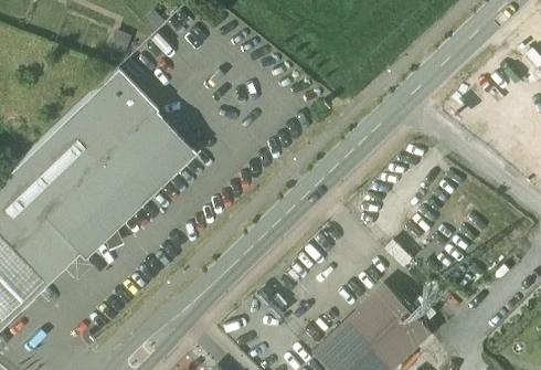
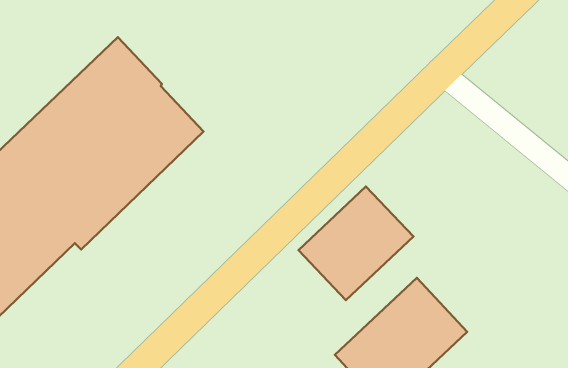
building: none -> [298,186,413,300]

